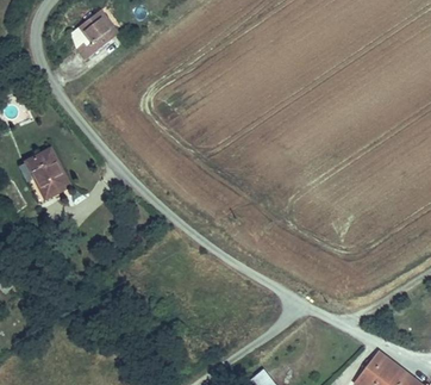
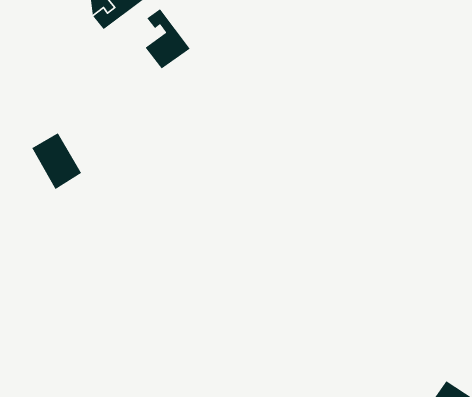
building: none -> [144,8,191,70]

